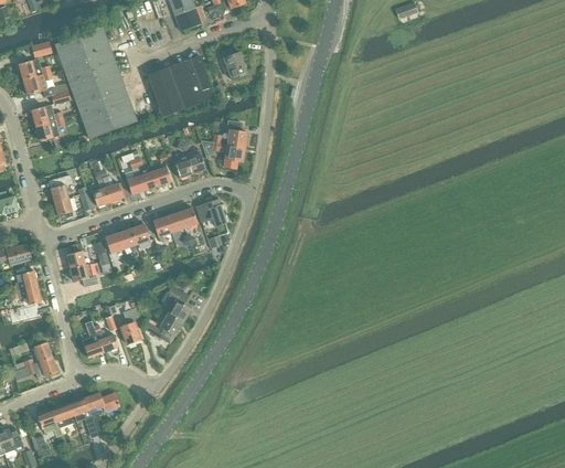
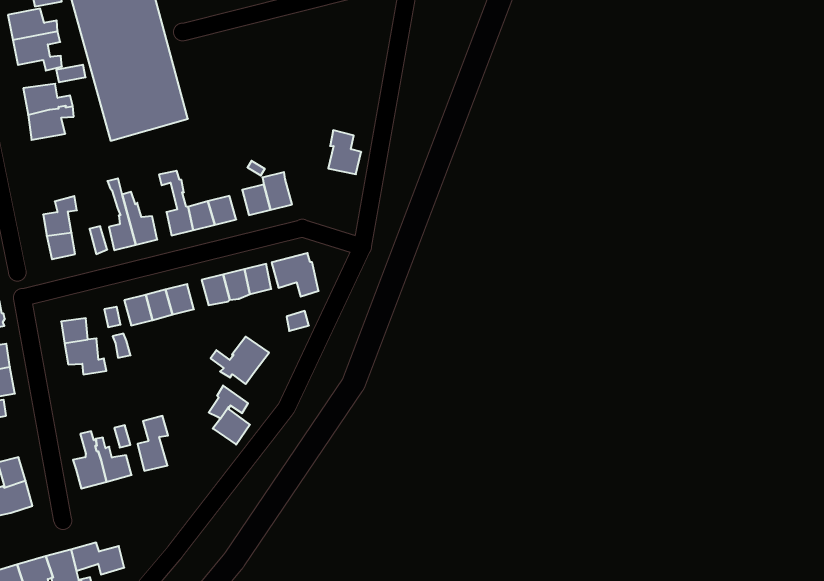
building: [221,49,247,81] -> none
building: [147,56,214,117] -> none
building: [200,140,244,169] -> none
building: [146,313,182,343] -> [211,337,269,384]

